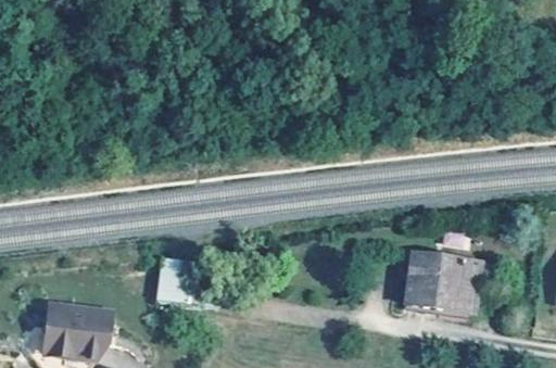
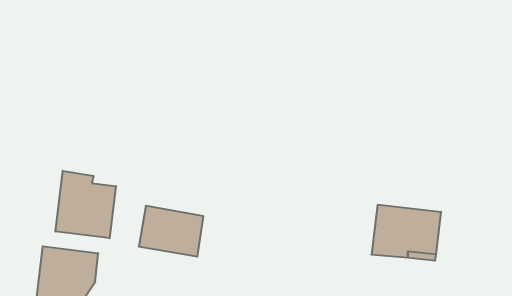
building: none -> [56,171,116,238]

